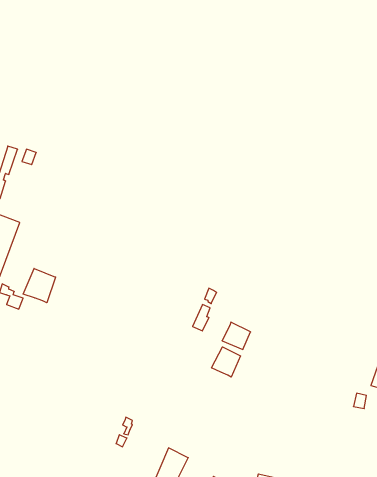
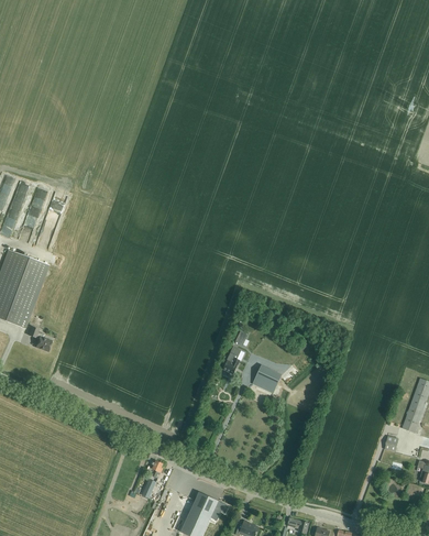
building: [23,268,56,303] -> none
building: [212,347,240,377] -> none

